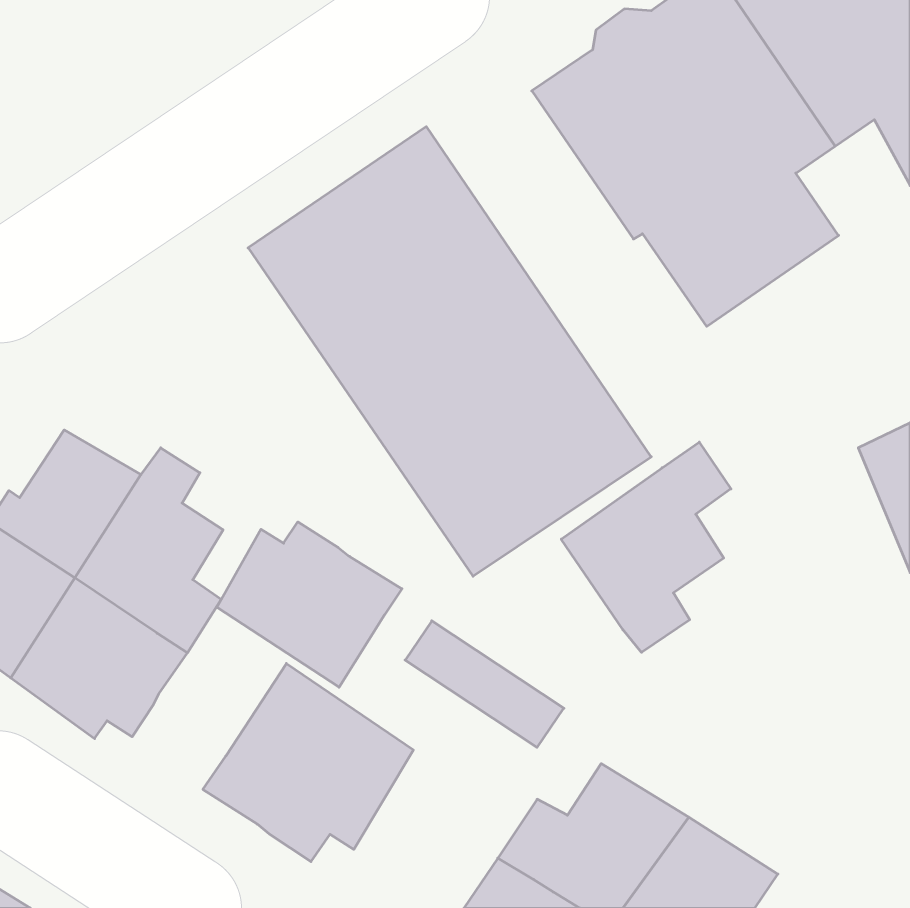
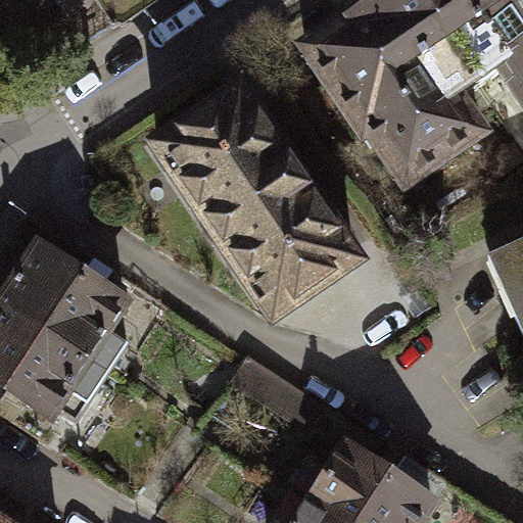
building: [561,442,731,652] -> none
building: [217,522,402,687] -> none
building: [203,663,413,862] -> none

